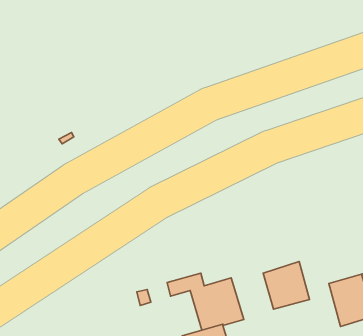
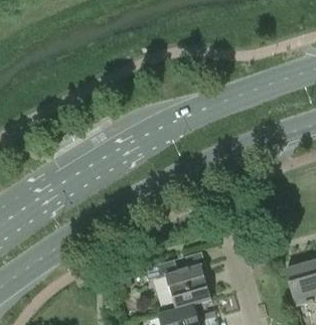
building: [263,262,310,309] -> none

